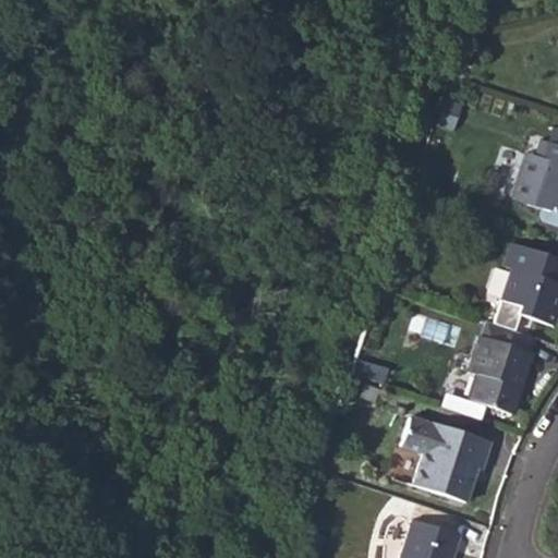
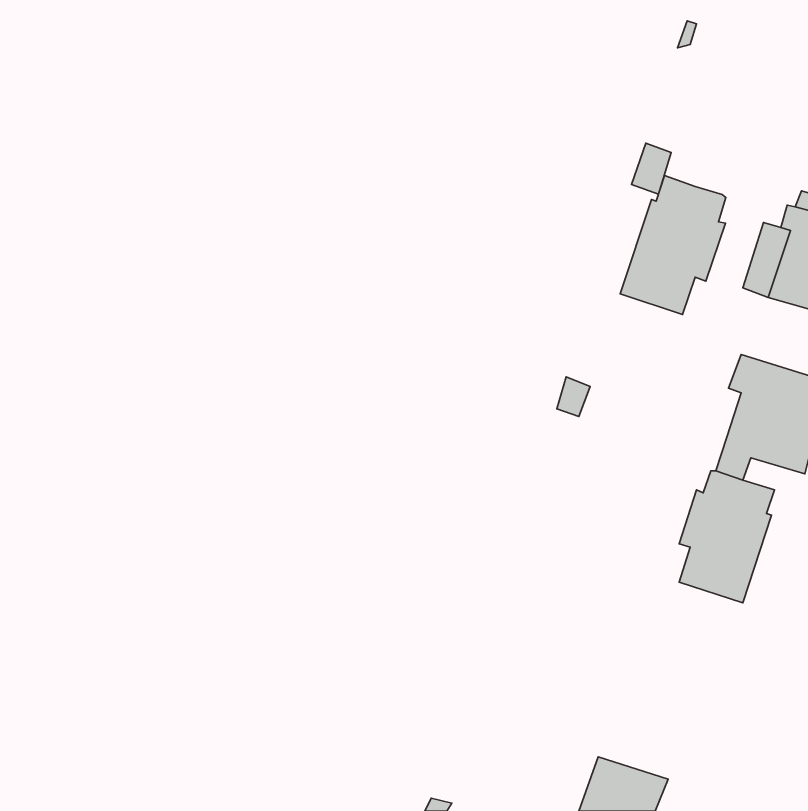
building: none -> [620,175,726,314]
building: [401,415,490,501] -> none

